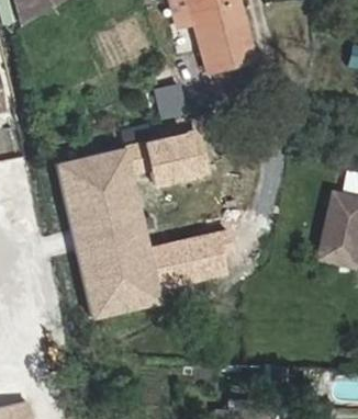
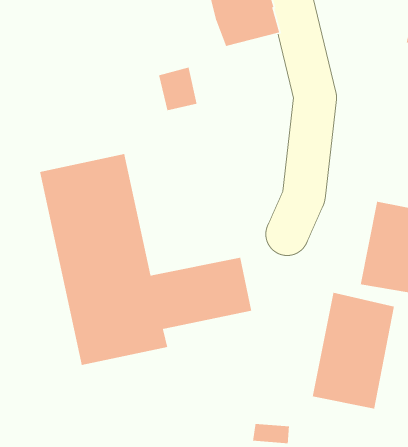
building: [149,133,209,184] -> none
building: none -> [312,292,395,409]

